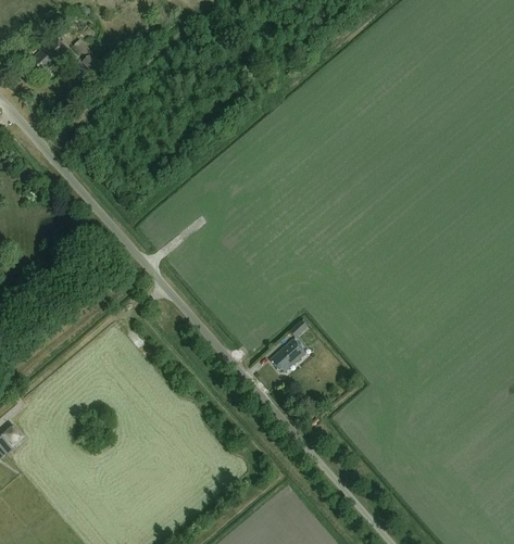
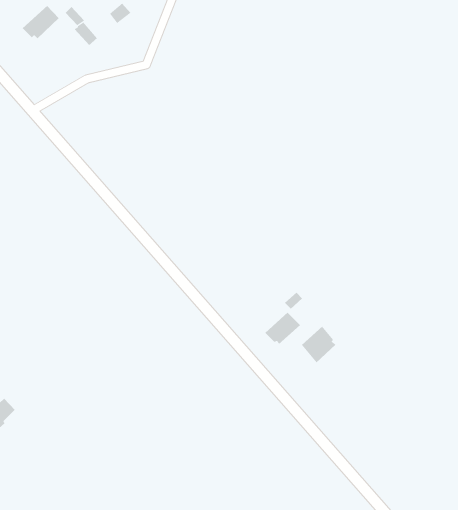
building: none -> [301,326,336,363]

